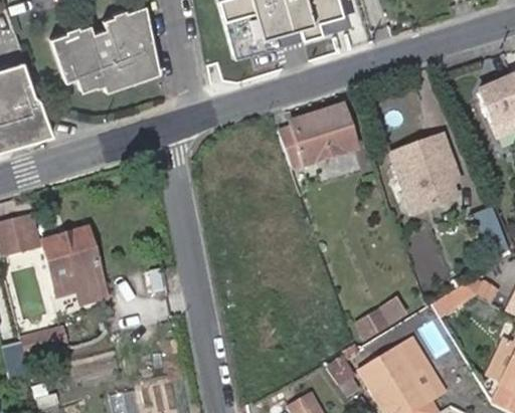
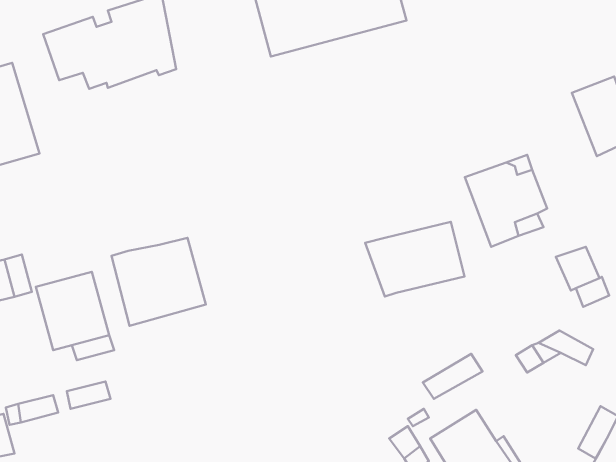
building: [276,107,356,167] -> [365,222,465,296]
building: none -> [111,238,206,326]

